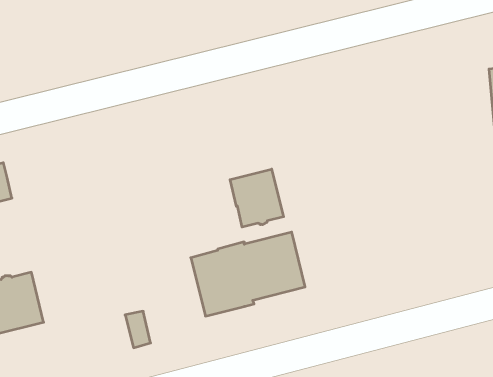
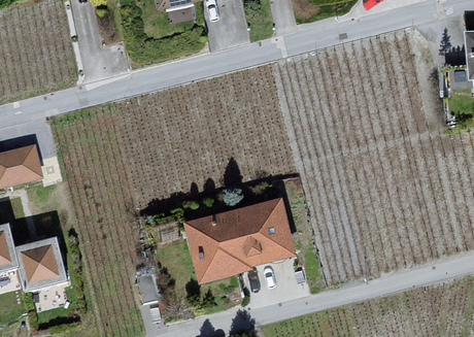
building: [230,169,284,227] -> none

